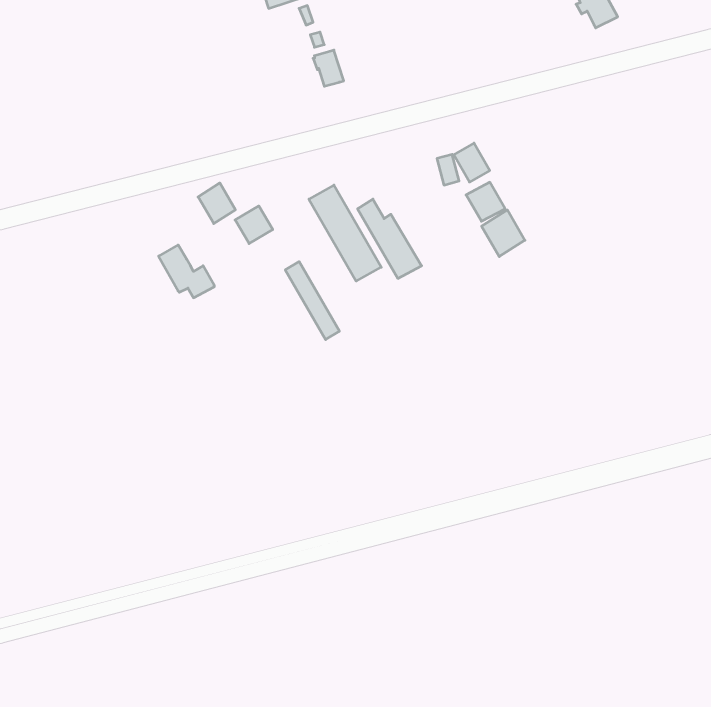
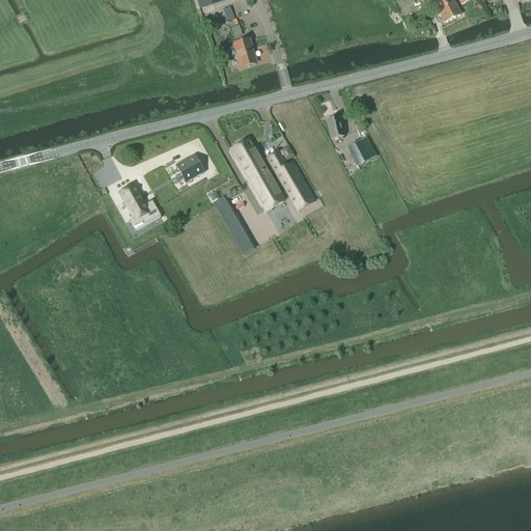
building: [454,143,490,182] -> none
building: [198,183,235,224] -> none
building: [482,210,525,257] -> none

